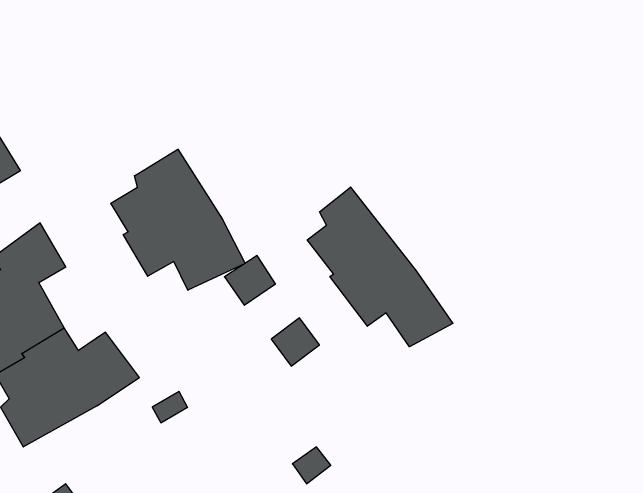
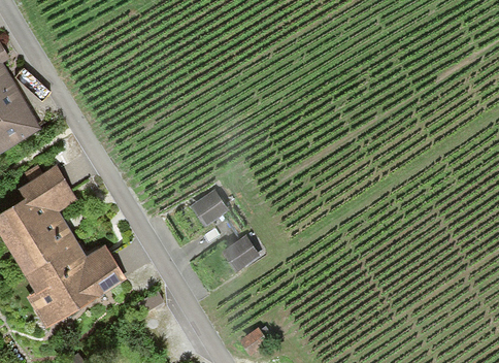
building: [111,149,245,290] -> none
building: [307,187,453,347] -> none

